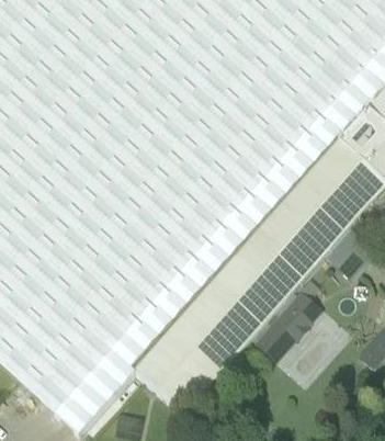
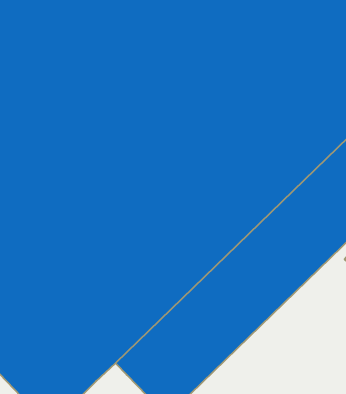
building: [253,290,324,362] -> none

